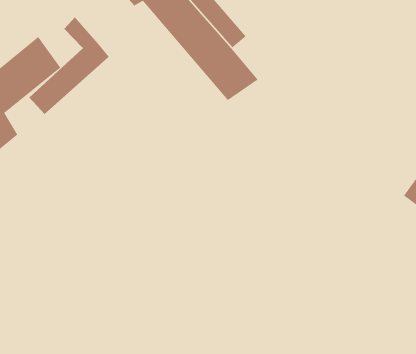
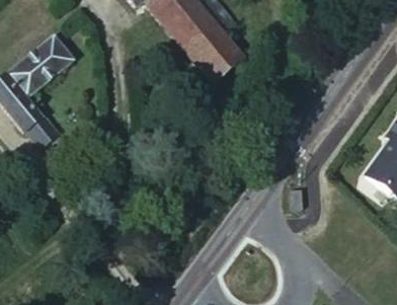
building: [28,17,109,115] -> none

